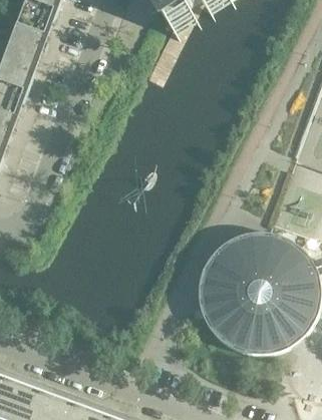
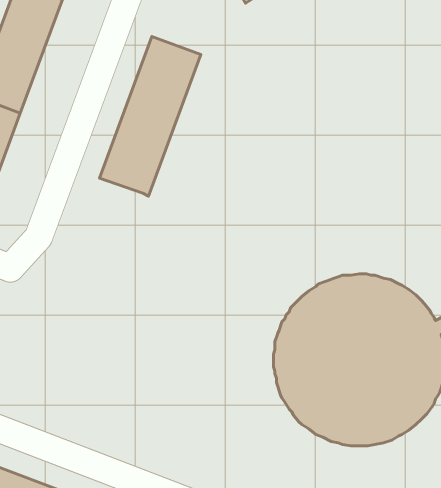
building: none -> [100,37,201,196]

